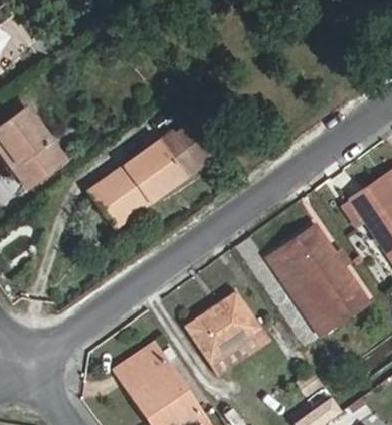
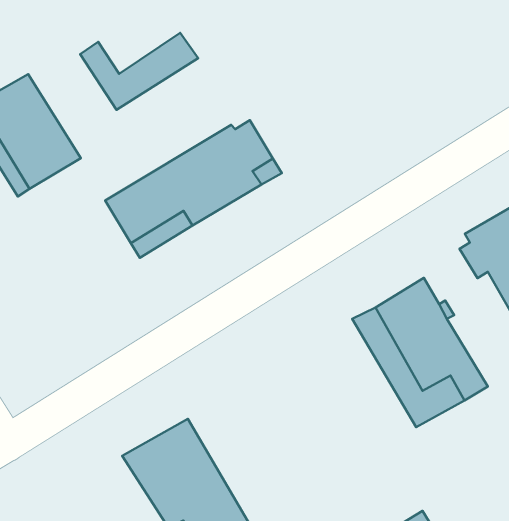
building: none -> [80,33,198,110]
building: [185,289,263,362] -> none

